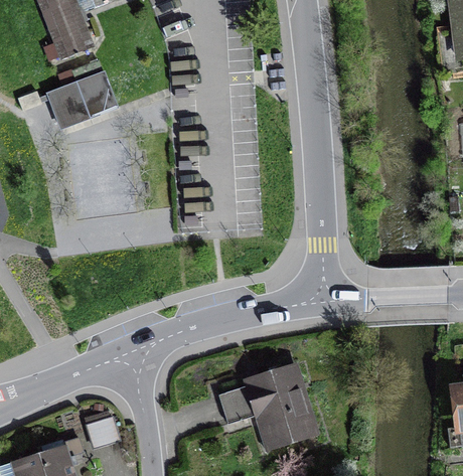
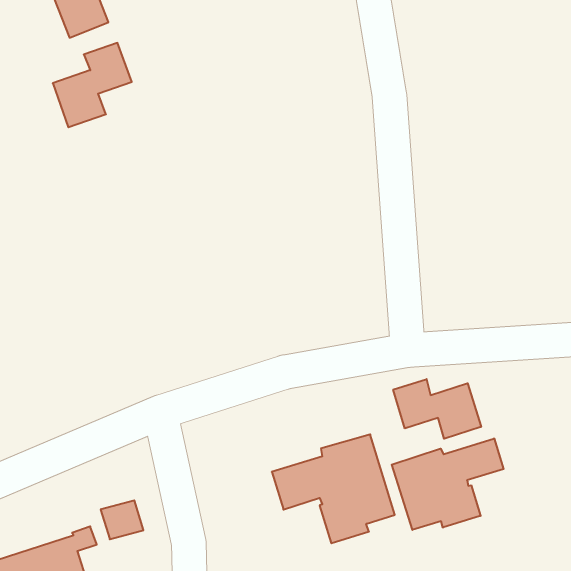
building: none -> [393,379,481,439]
building: none -> [392,438,504,530]

